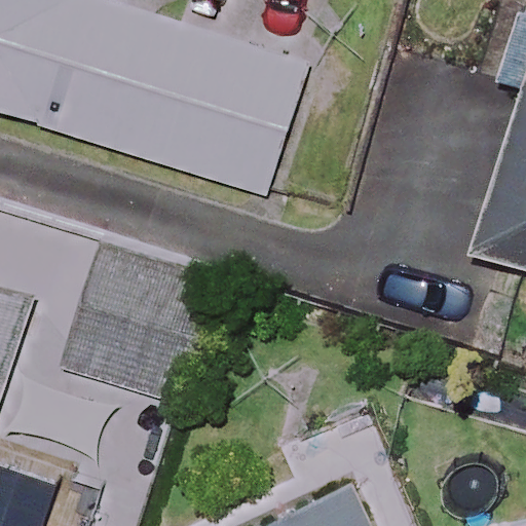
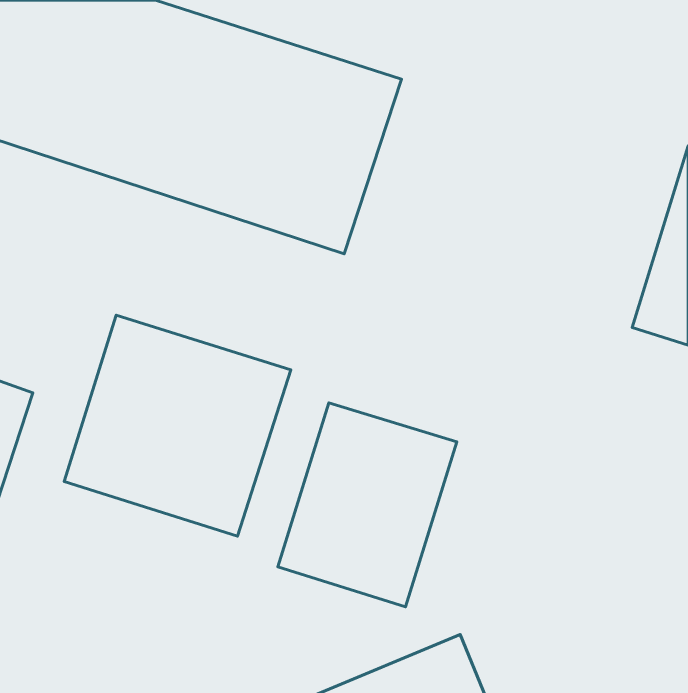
building: none -> [278,403,457,607]

